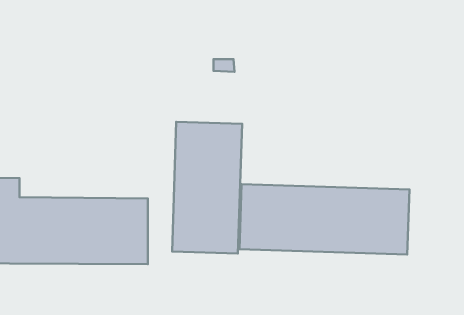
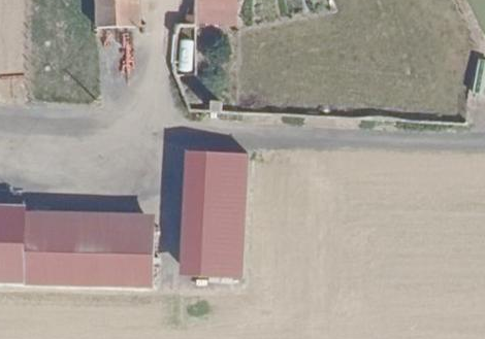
building: [239,184,409,255] -> none

